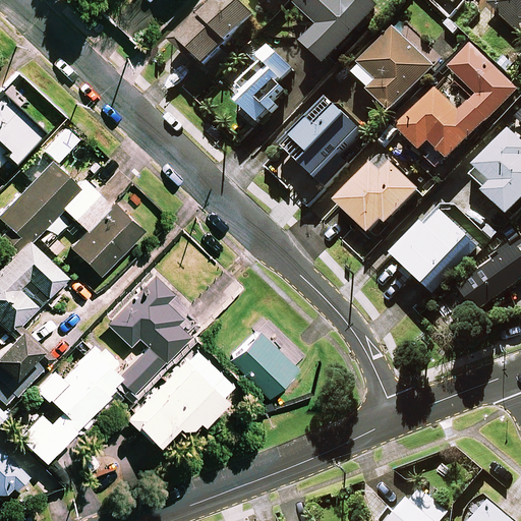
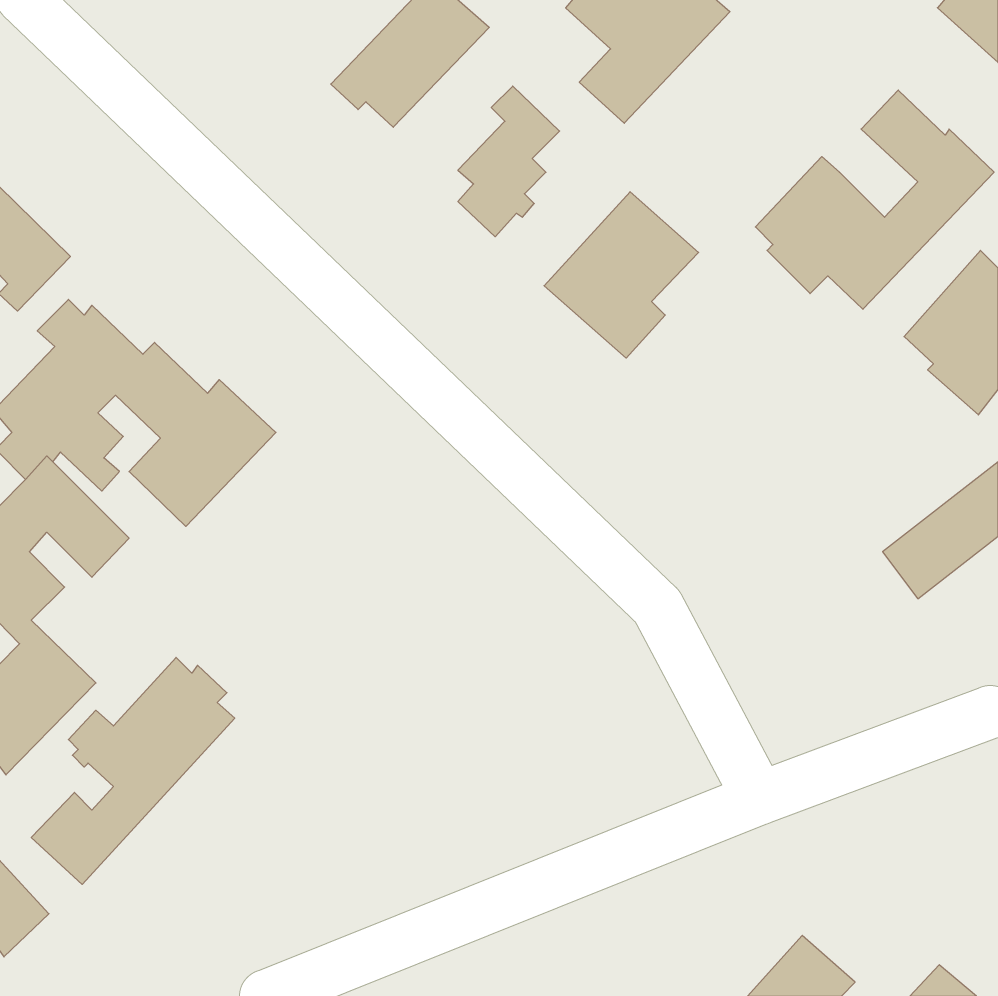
building: [351,30,433,112] -> none
building: [336,155,418,234] -> none
building: [396,213,474,291] -> none
building: [107,269,188,389] -> none
building: [228,325,296,393] -> none
building: [129,345,234,436] -> none

